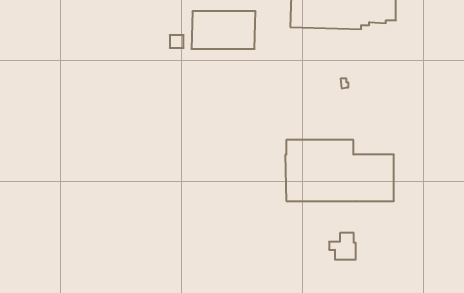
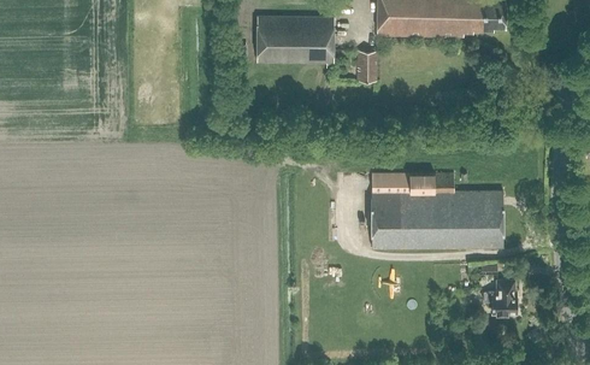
building: none -> [358,52,377,82]
building: [329,233,356,260] -> [484,281,517,313]

